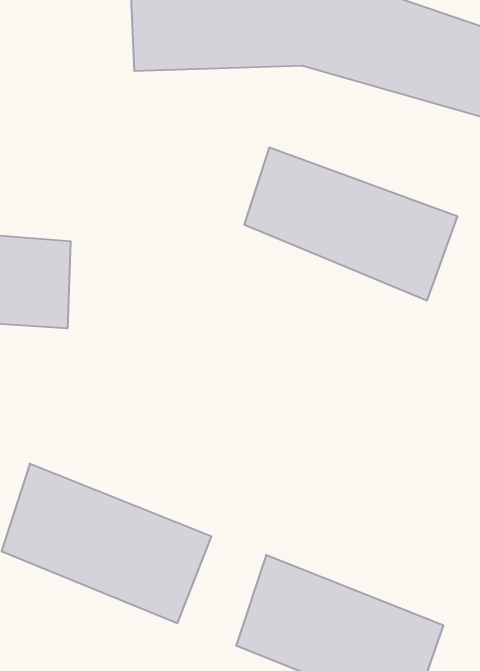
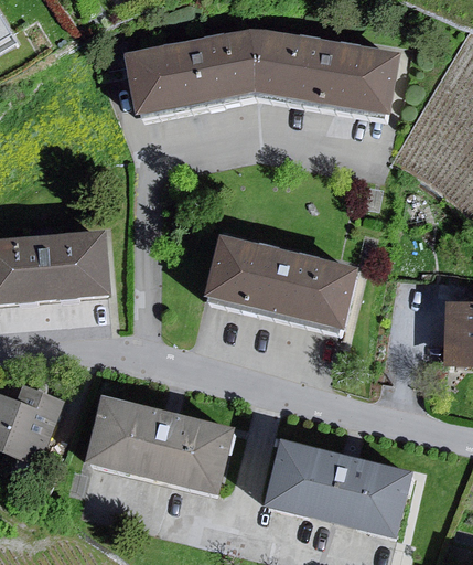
building: [244,147,458,300] -> [207,241,358,333]

